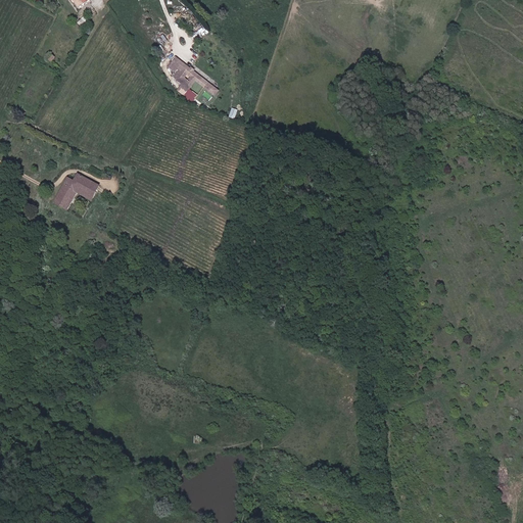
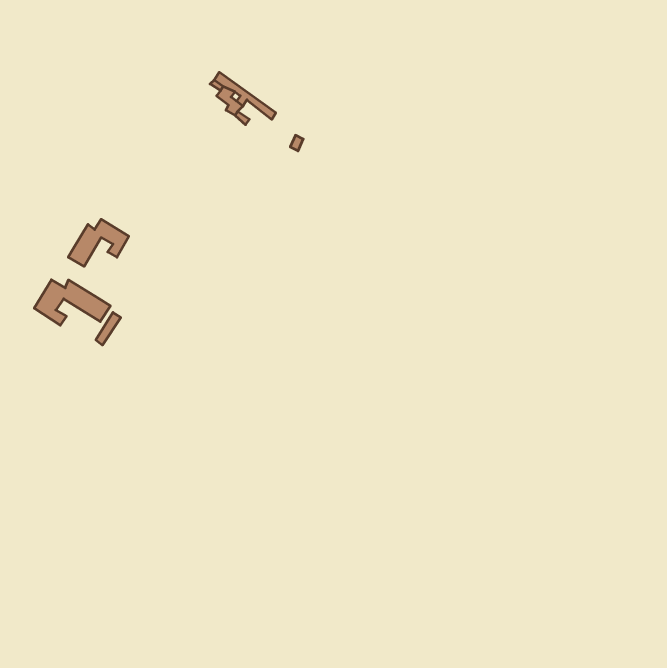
building: none -> [34,280,110,325]

